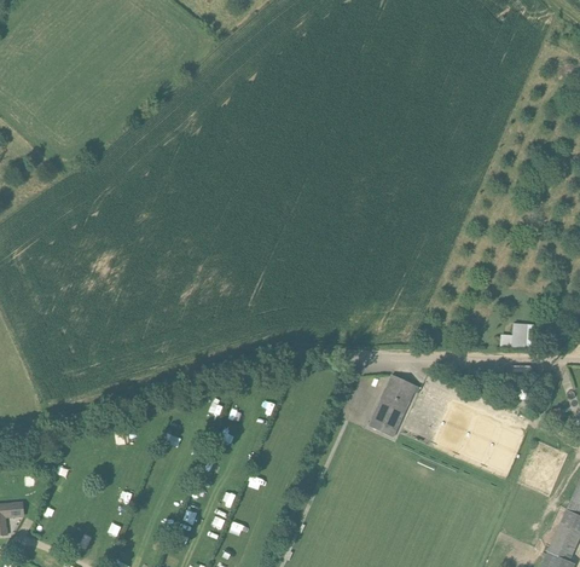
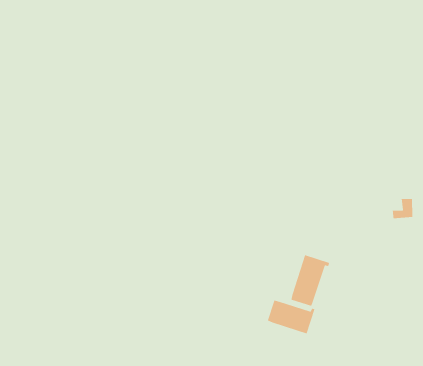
building: none -> [267,300,315,334]

